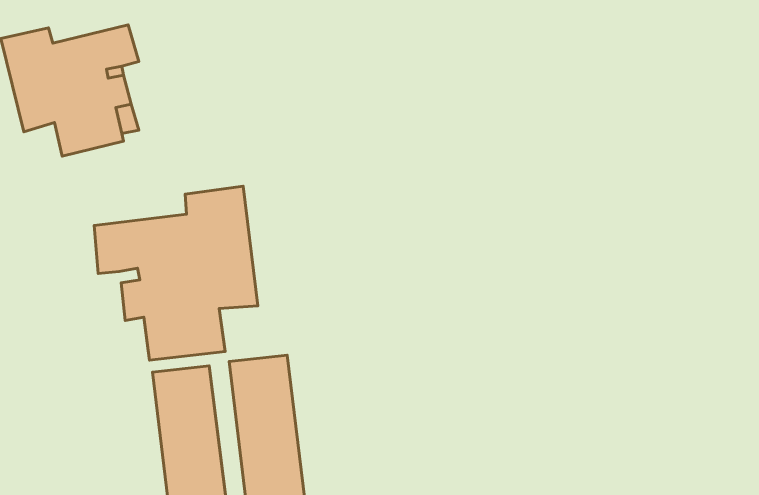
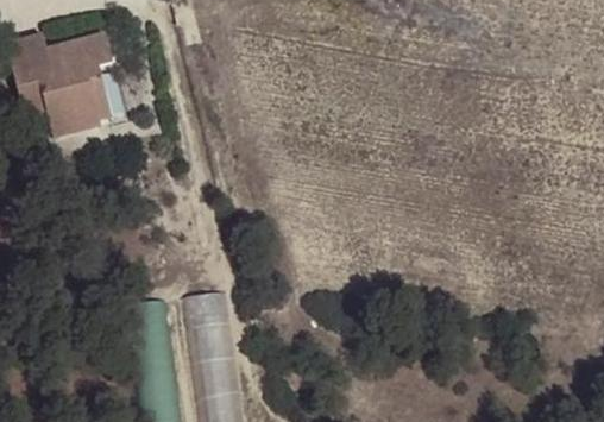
building: [94,186,258,360] -> none

